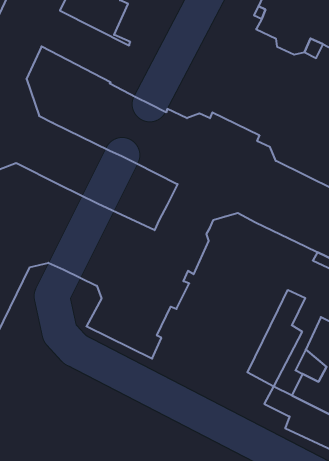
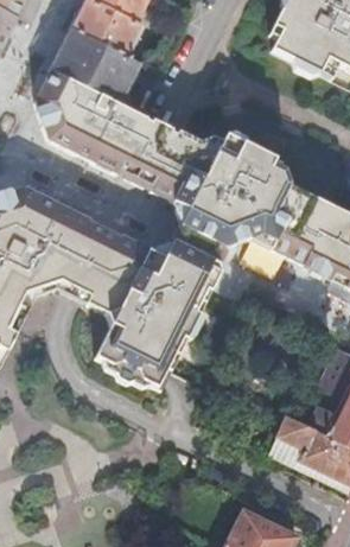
building: none -> [50,30,140,103]
building: [247,290,305,386] -> none

